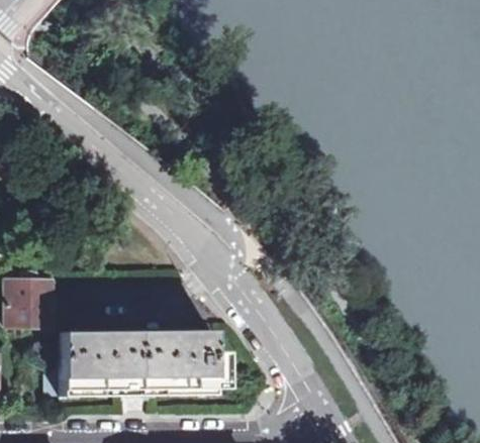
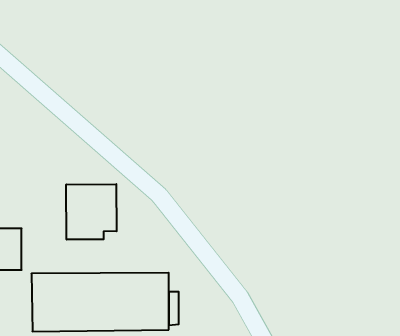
building: none -> [66,184,117,240]

